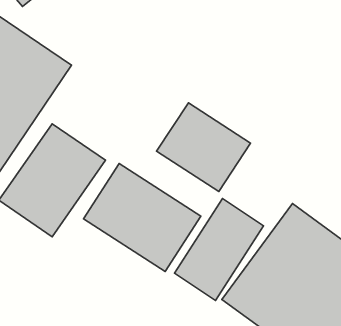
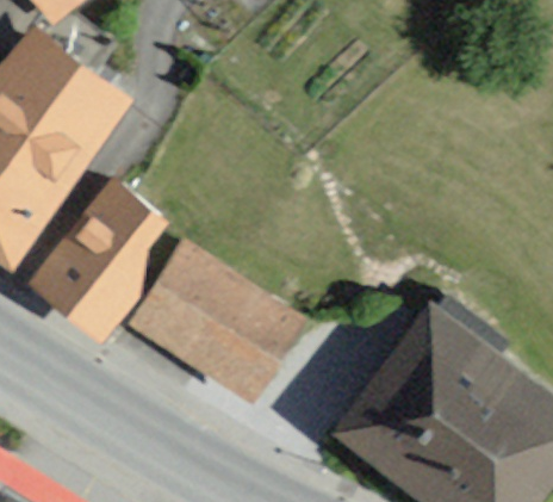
building: [157,103,251,191] -> none
building: [174,199,264,300] -> none

